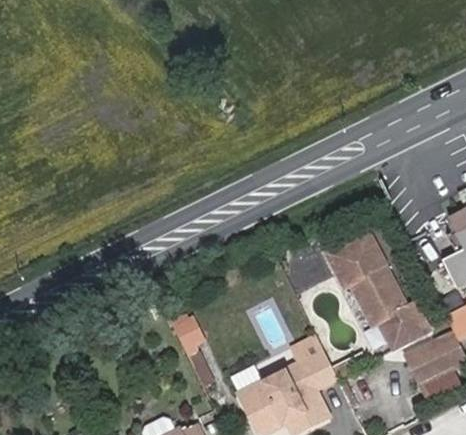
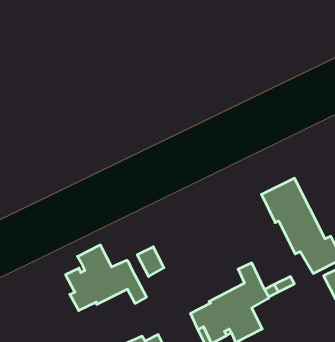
building: none -> [66,245,146,311]

